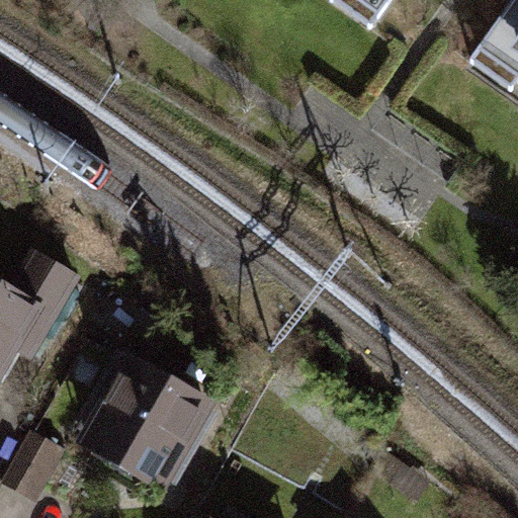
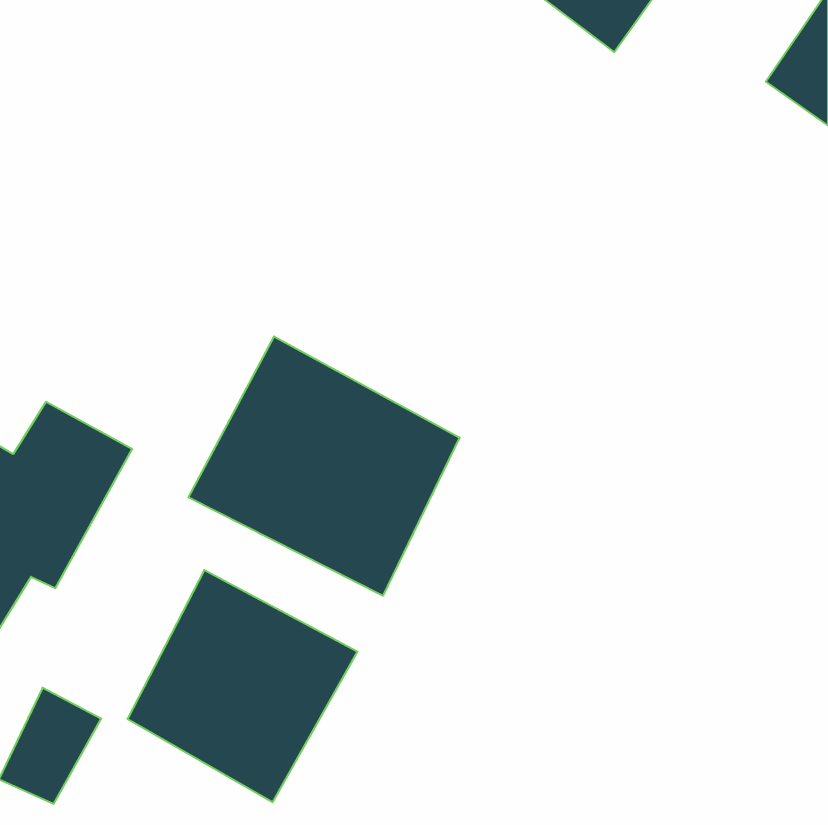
building: none -> [188,336,460,596]

